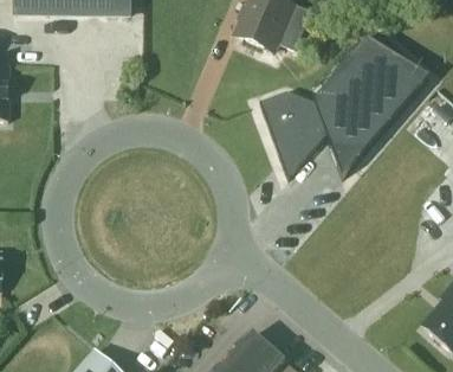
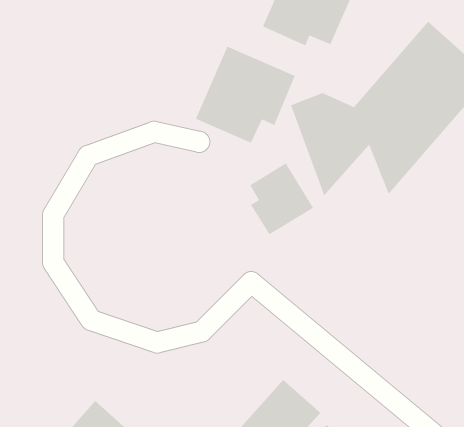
building: none -> [195,46,295,144]
building: none -> [250,162,314,235]

